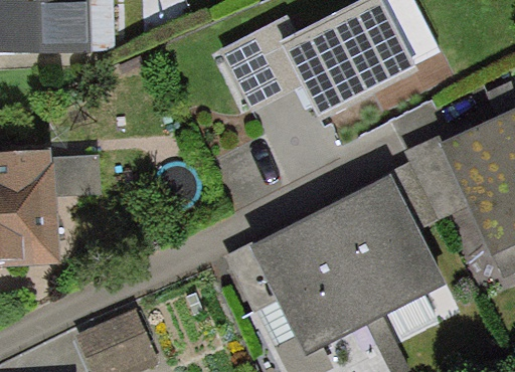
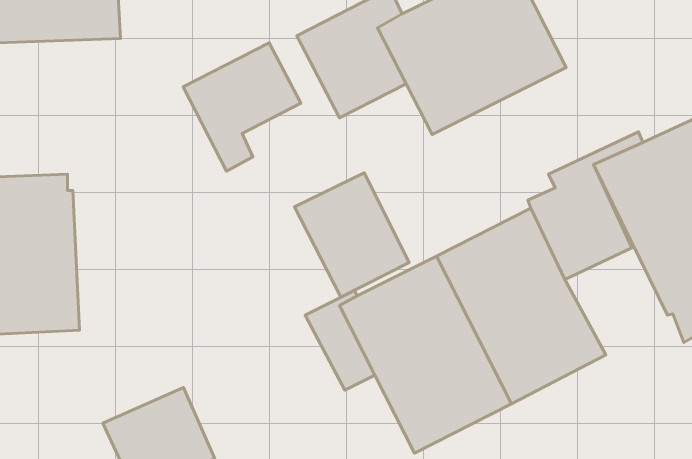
building: none -> [183,43,301,171]
building: none -> [295,173,409,297]

